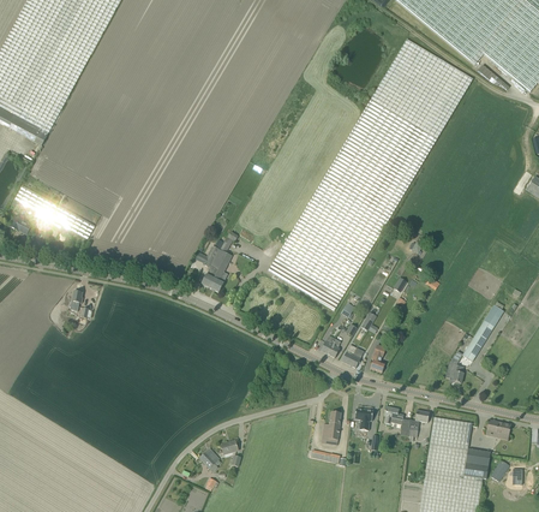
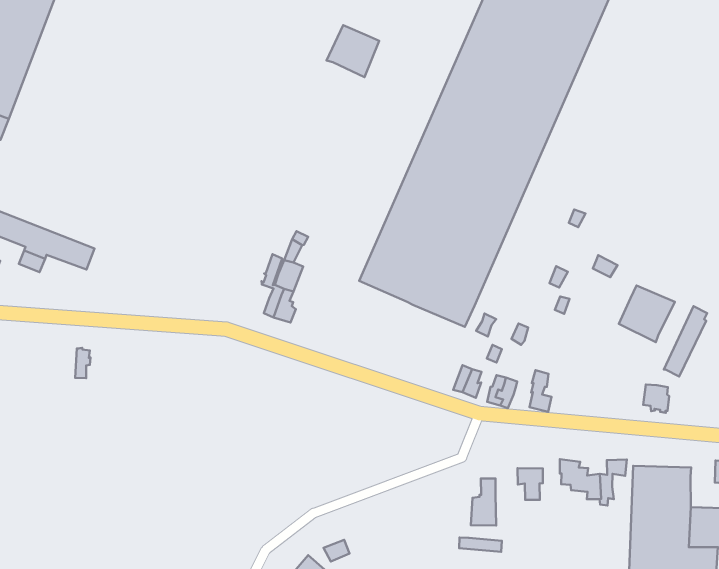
building: none -> [326,25,379,77]
building: none -> [619,285,675,342]

